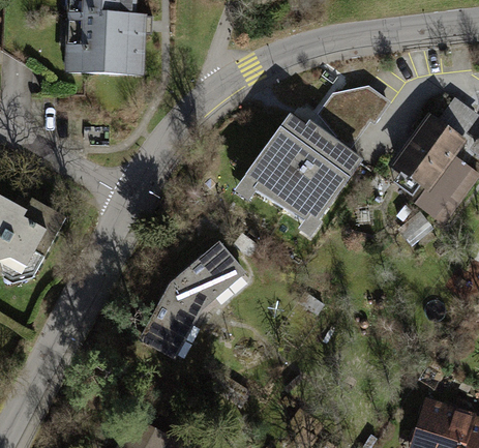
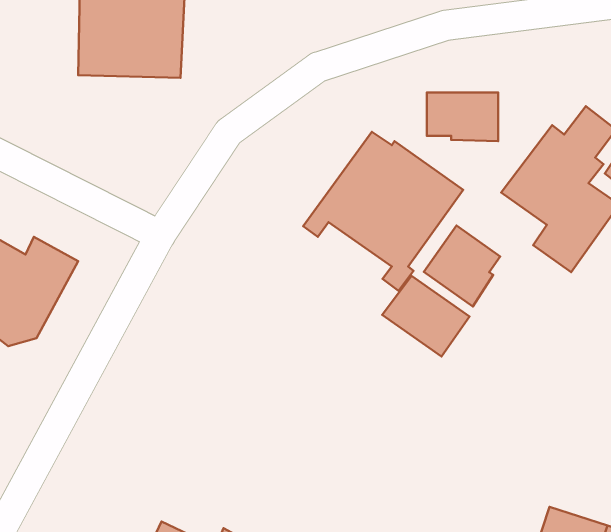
building: none -> [424,226,500,306]
building: none -> [382,276,470,357]
building: [137,240,245,360] -> none

